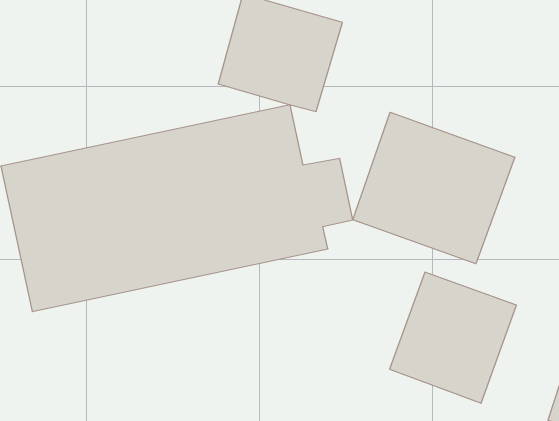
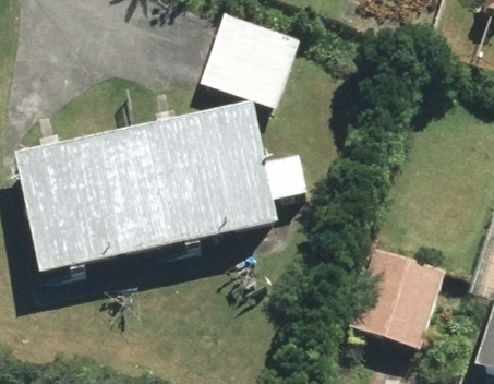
building: [353,112,515,264] -> none

